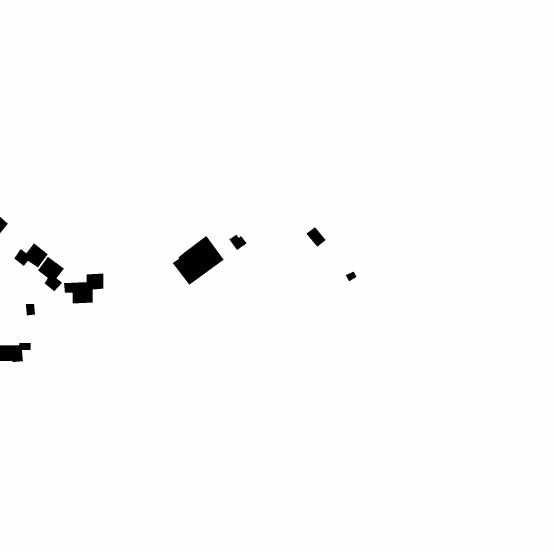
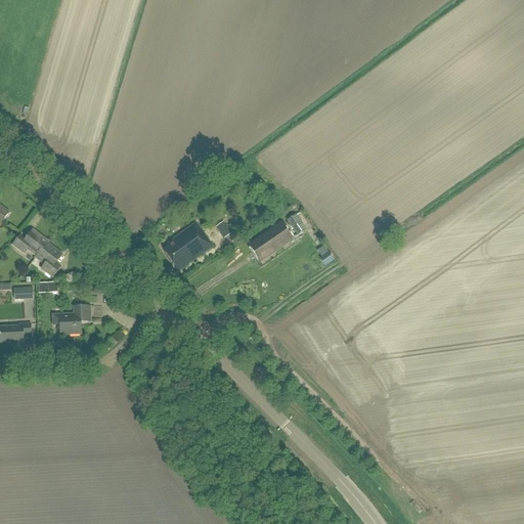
building: none -> [248,221,293,260]
building: [63,273,104,304] -> [51,304,90,334]

